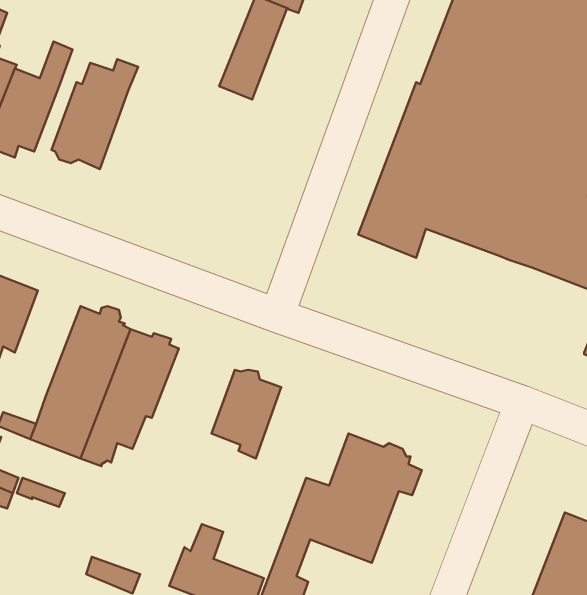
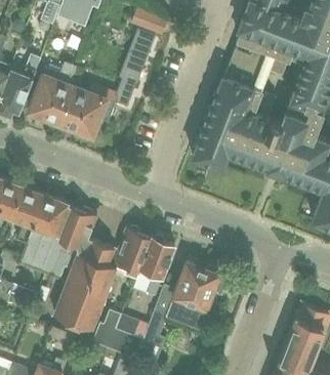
building: none -> [55,79,118,136]
building: none -> [10,182,45,242]
building: none -> [138,236,175,296]
building: none -> [55,239,118,330]

